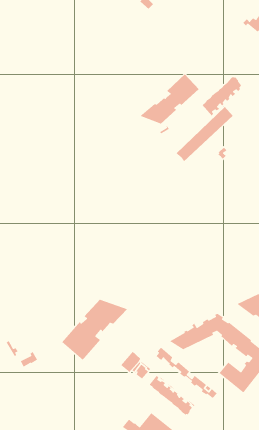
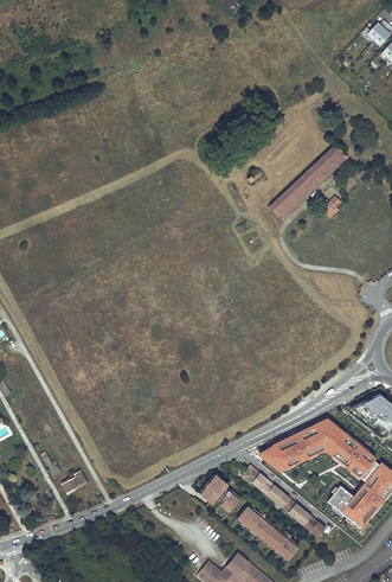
building: [139,74,199,124] -> none
building: [201,76,242,116] -> none
building: [61,299,128,361] -> none

